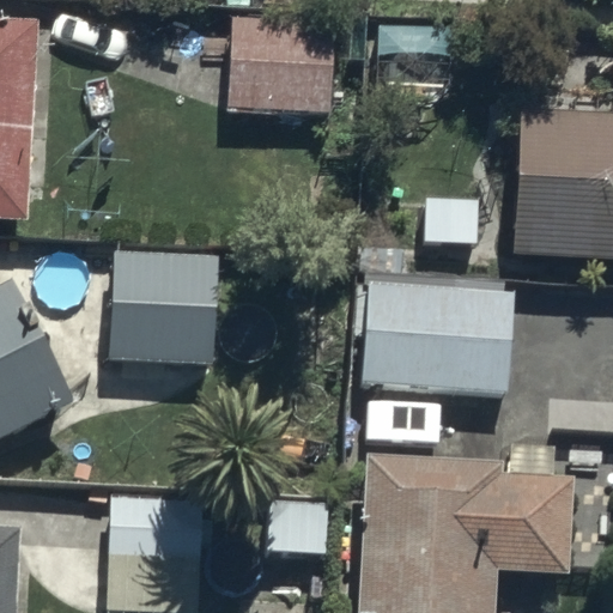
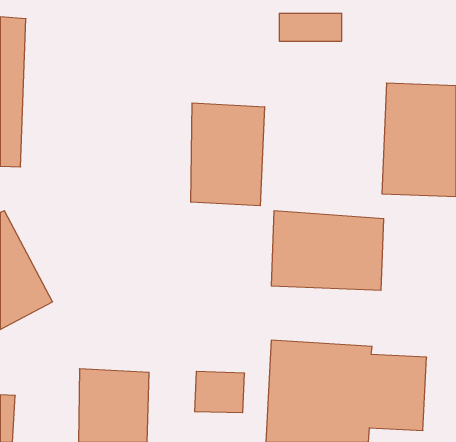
building: [224,8,332,115] -> none
building: none -> [191,103,265,206]
building: [107,250,212,400] -> none

